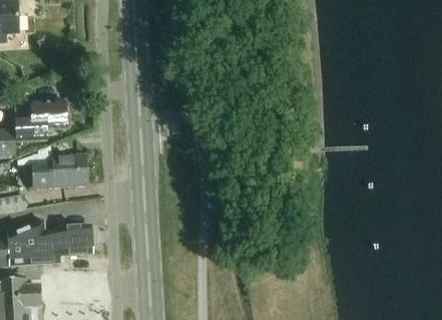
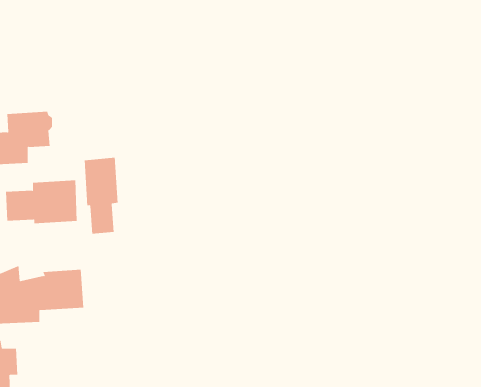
building: none -> [84,157,118,234]

